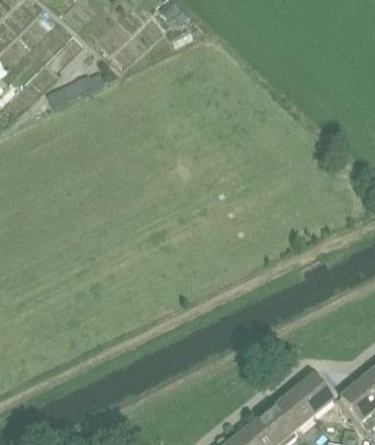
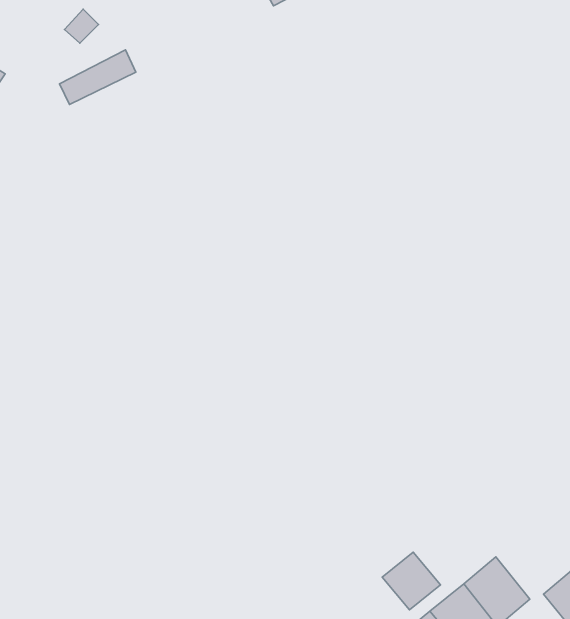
building: none -> [382,552,441,610]

